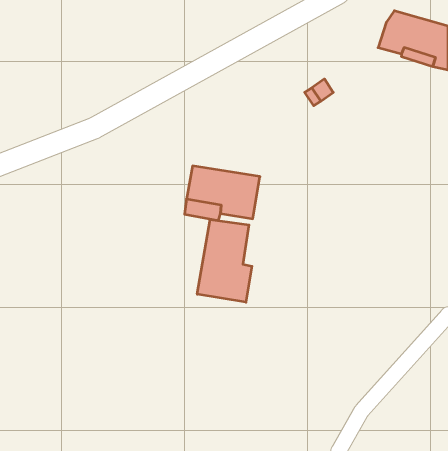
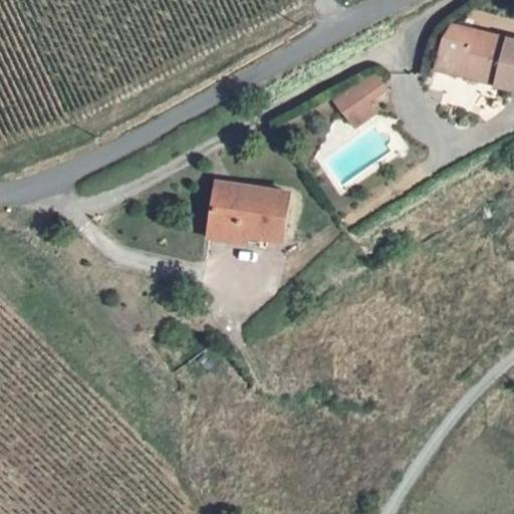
building: [197,219,252,302] -> none

